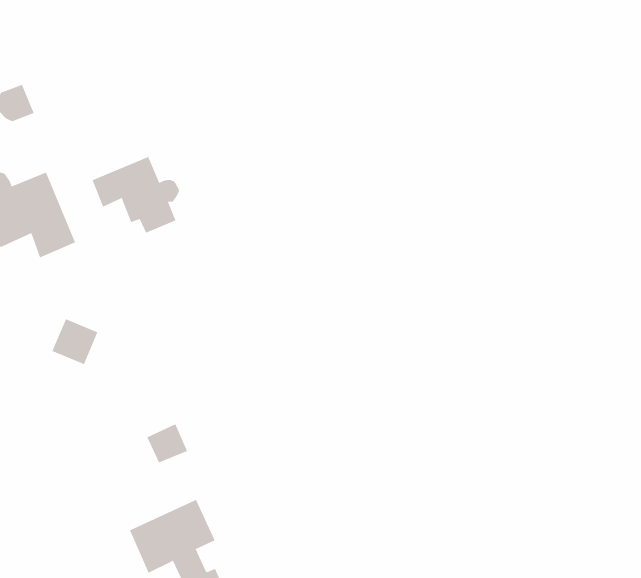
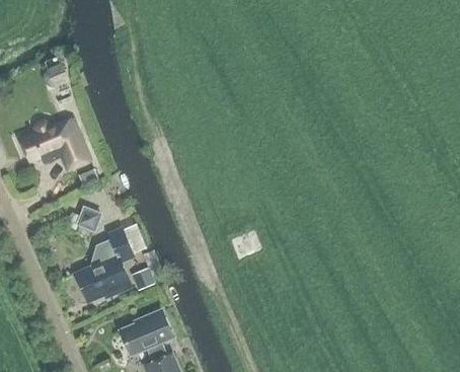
building: [92,156,180,234] -> none
building: none -> [76,233,136,299]

